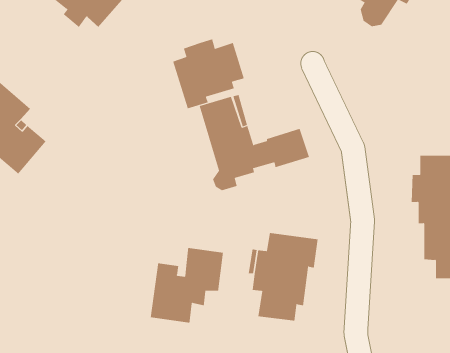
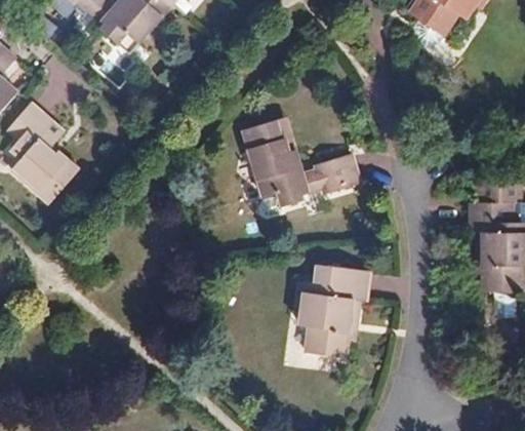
building: [172,39,244,109] -> none
building: [150,247,224,324] -> none

